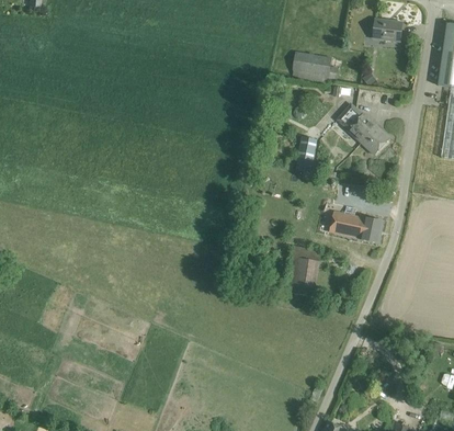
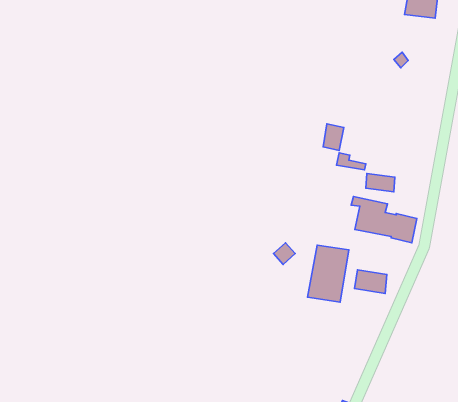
building: [293,53,340,83] -> none
building: [339,104,390,155] -> none
building: none -> [354,270,387,294]

